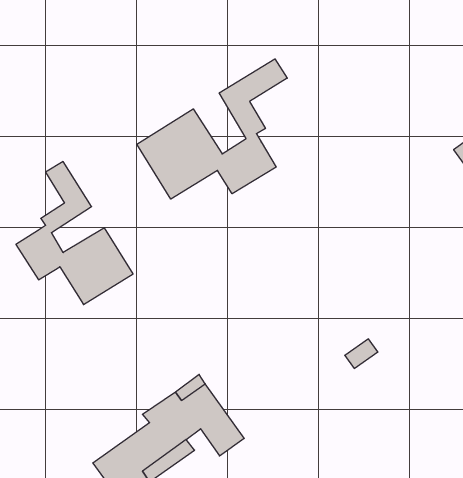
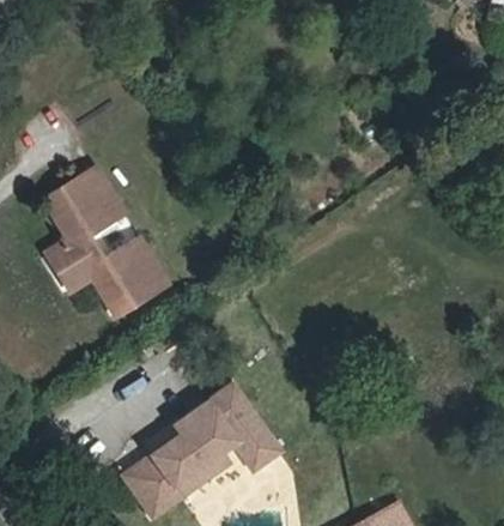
building: [137,59,287,199] -> none
building: none -> [45,181,96,240]

